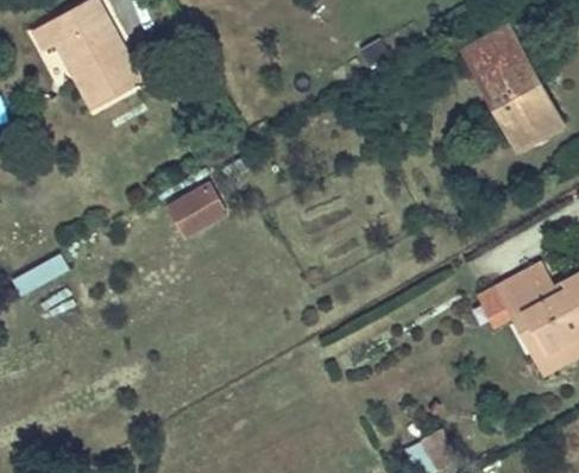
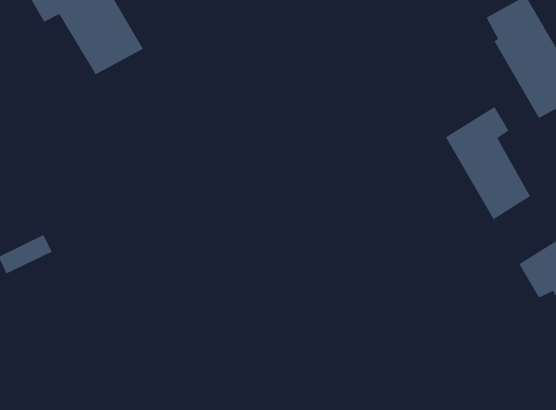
building: none -> [445,106,531,220]
building: [174,179,228,227] -> none

